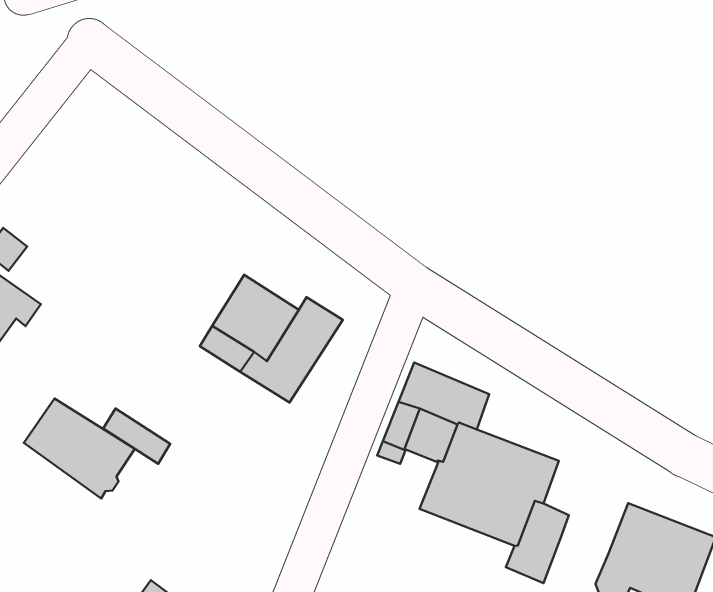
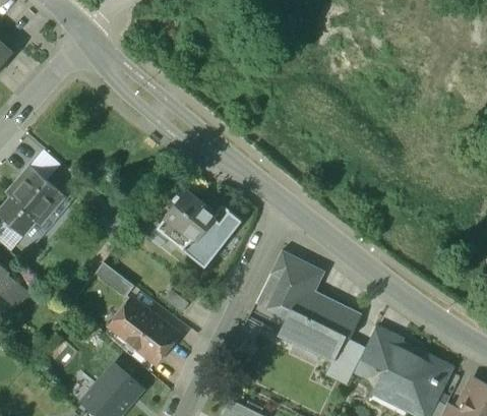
building: [24,399,135,498] -> [111,301,176,362]
building: none -> [360,328,402,372]

